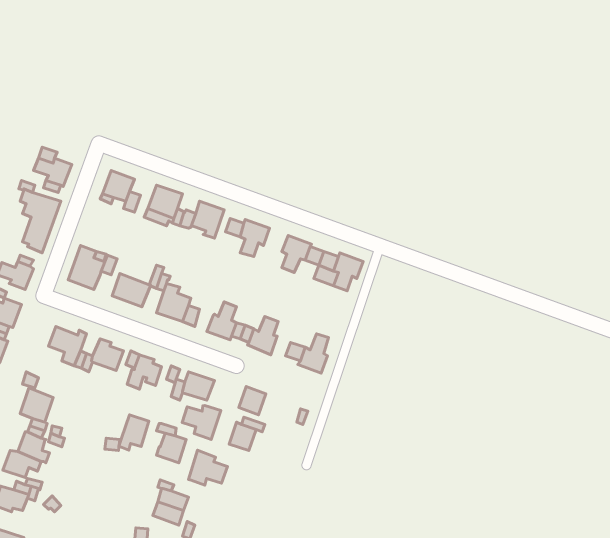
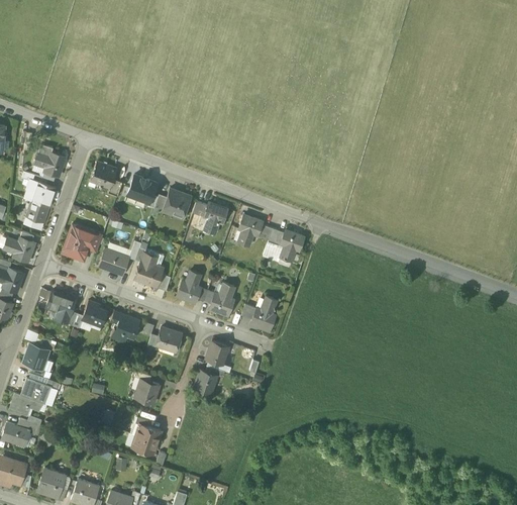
building: [182,405,221,439] -> none
building: [119,415,149,450] -> none
building: [189,450,227,485] -> none

